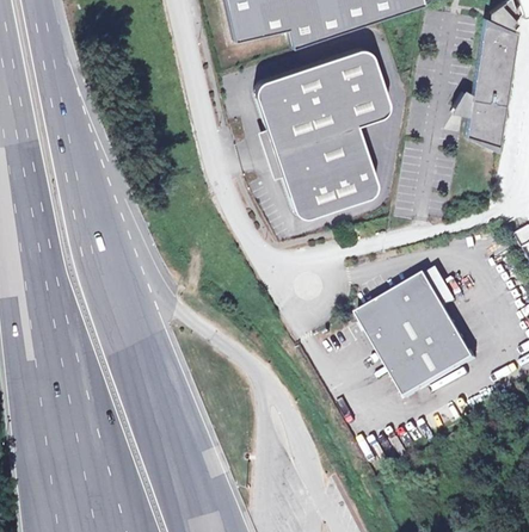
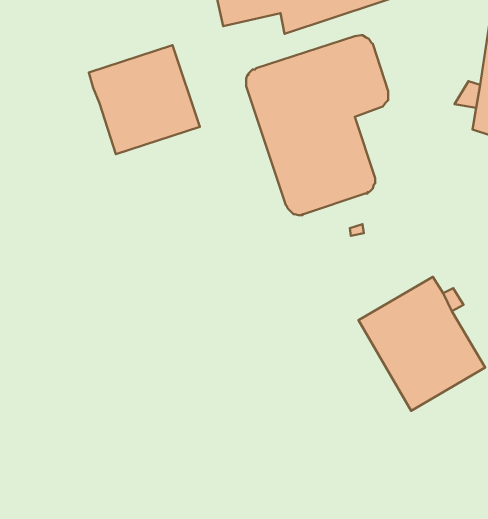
building: none -> [89,45,200,154]

